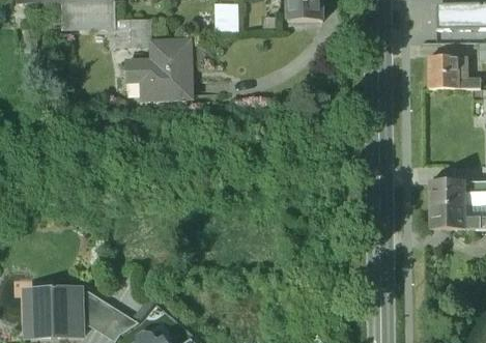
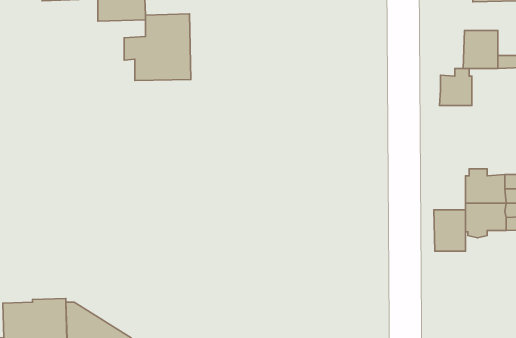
building: none -> [440,69,472,106]
building: none -> [434,210,466,251]

